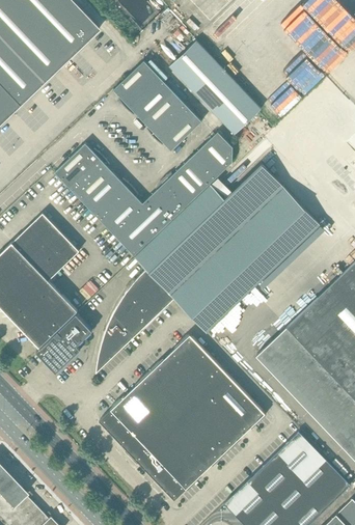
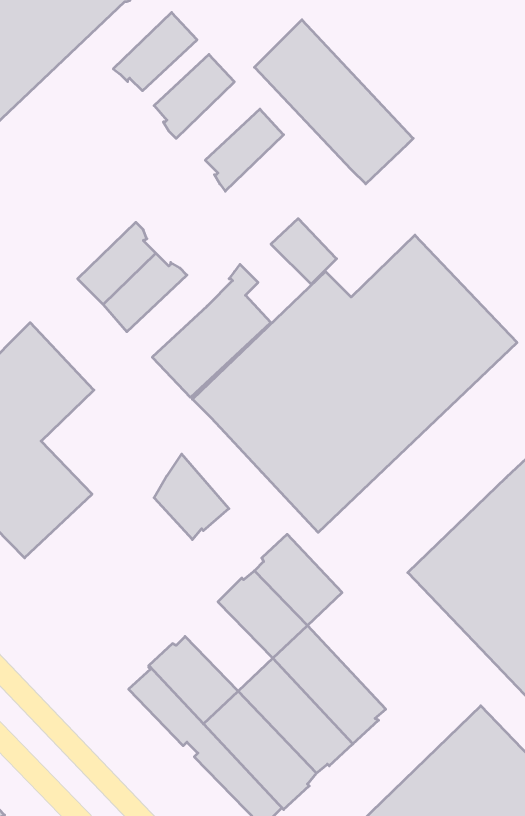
building: [126,77,173,121] -> [113,12,197,91]
building: [154,107,202,151] -> none
building: [195,133,233,177] -> none
building: [55,144,103,189] -> none
building: [162,169,202,214] -> none
building: [98,187,143,233] -> none
building: [129,268,174,320] -> none
building: [97,313,135,374] -> none
building: [36,314,92,374] -> none
building: [200,367,266,434] -> none
building: [131,372,181,423] -> none

